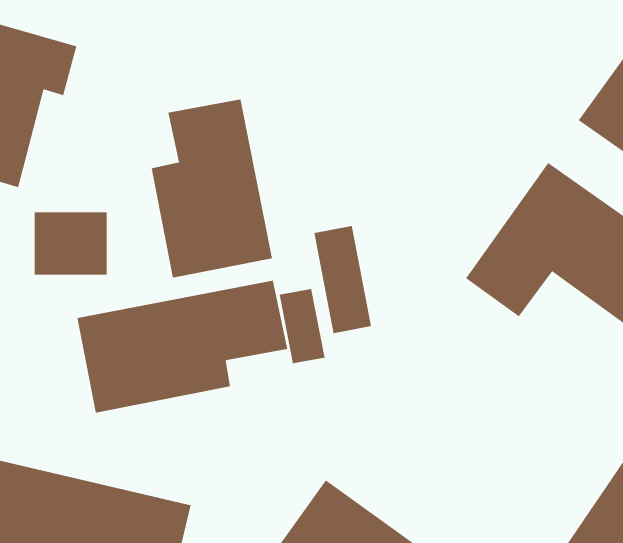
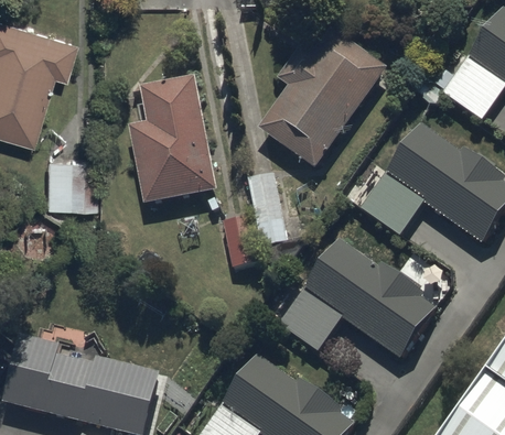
building: none -> [258,18,389,170]
building: [77,280,288,413] -> none
building: none -> [277,235,437,358]

